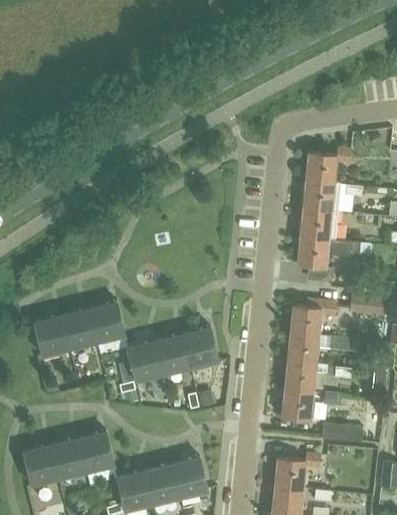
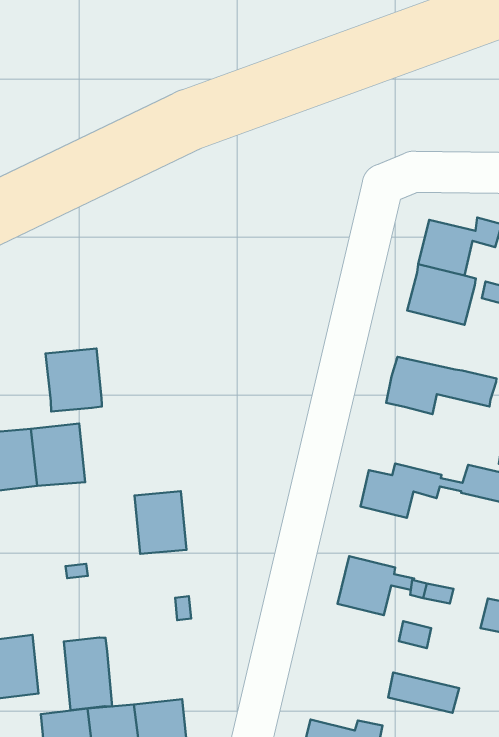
building: [301,209,338,240] -> none
building: none -> [46,348,102,411]
building: [183,327,219,368] -> none
building: [287,329,354,362] -> none
building: [128,340,164,381] -> none
building: [281,388,313,421] -> none
building: none -> [64,638,112,710]

